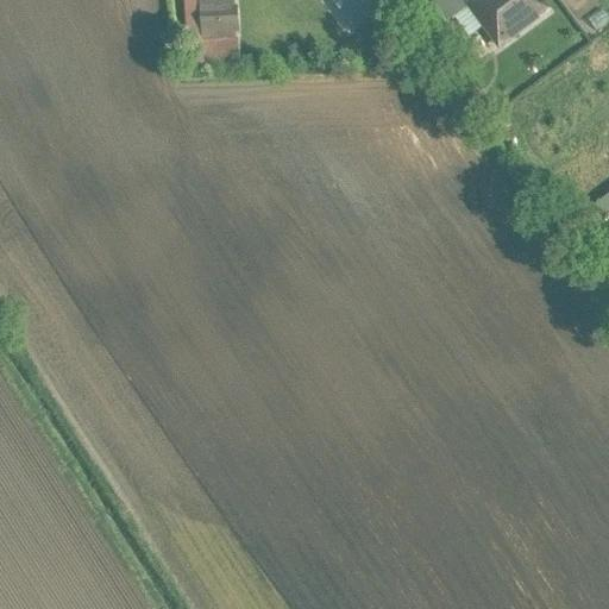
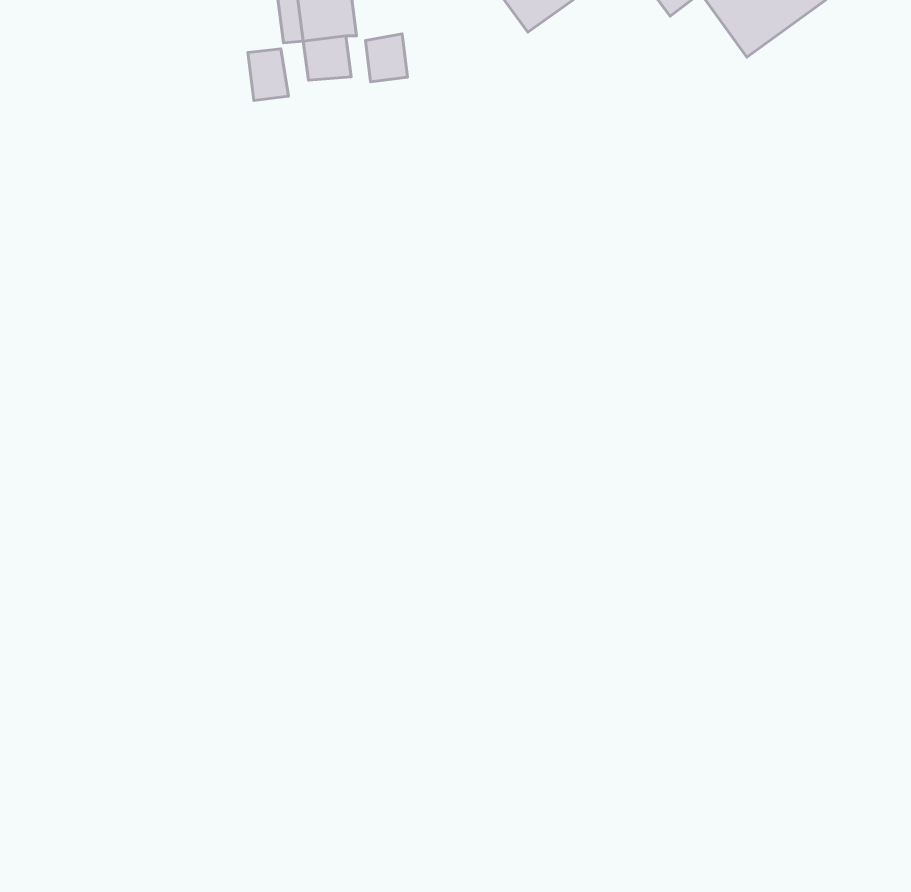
building: none -> [366,34,407,82]
building: none -> [248,49,288,100]

